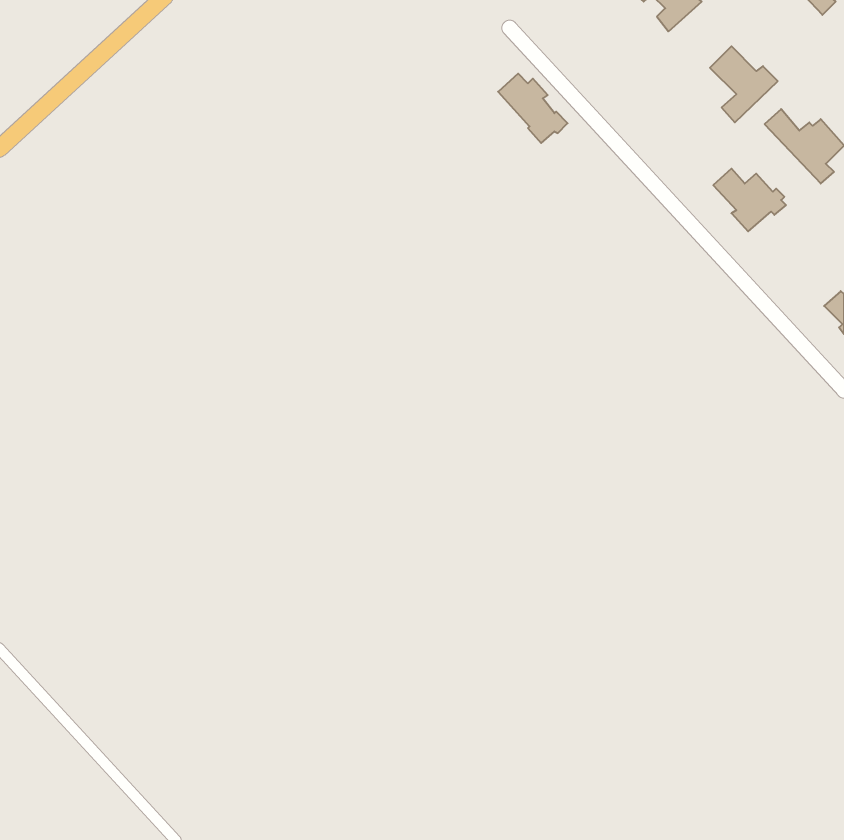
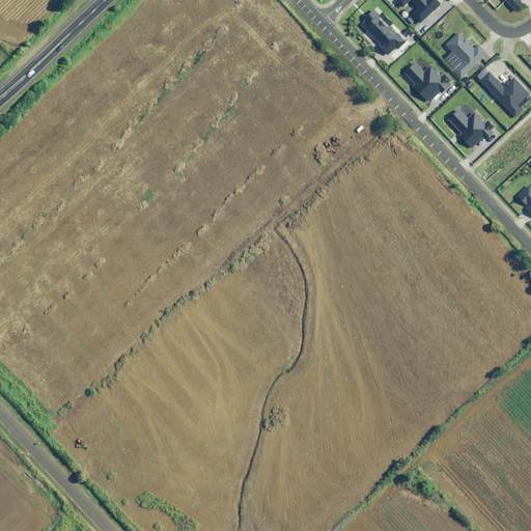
building: [498,74,568,143] -> [360,7,403,51]
building: none -> [402,59,448,99]

